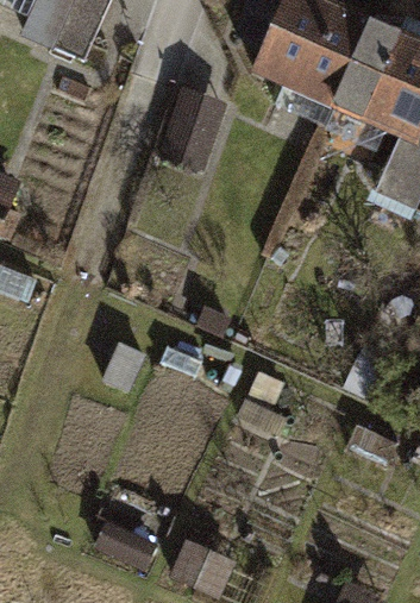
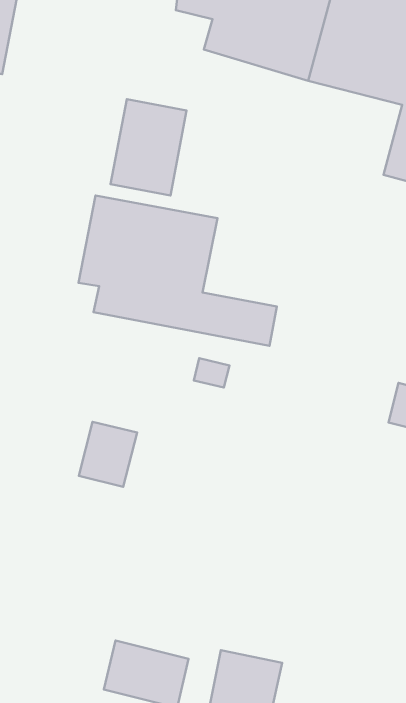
building: none -> [79,195,277,346]

